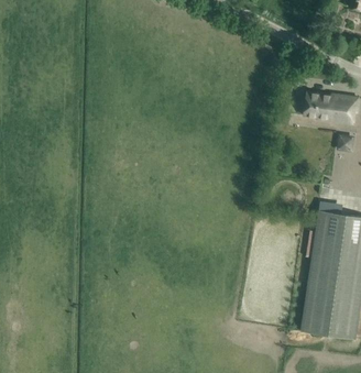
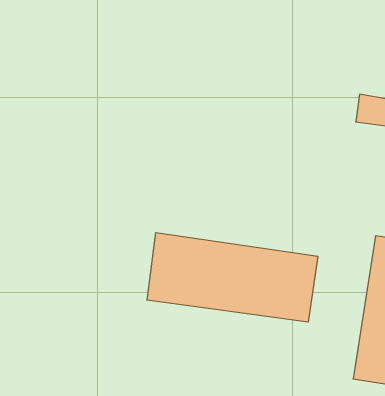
building: none -> [147,233,318,322]

